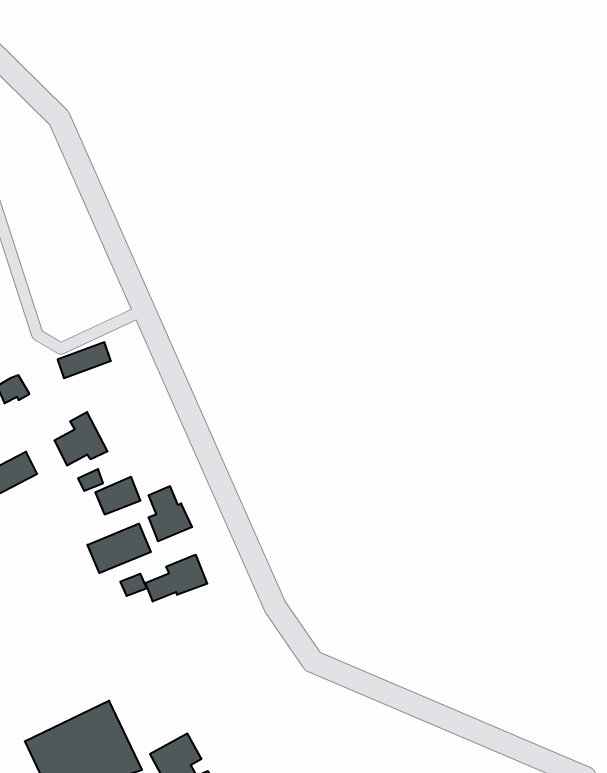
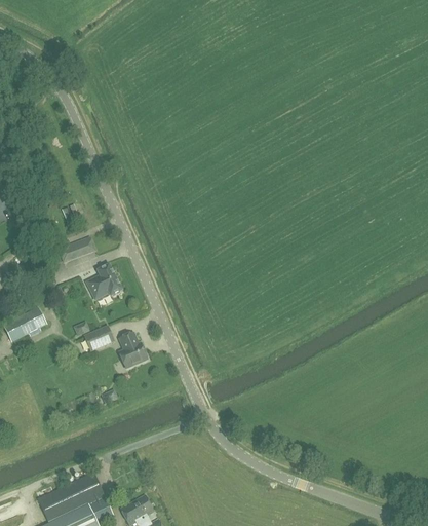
building: [54,412,108,465] -> [86,264,121,299]
building: [87,524,151,573] -> none
building: [146,555,207,602] -> none

